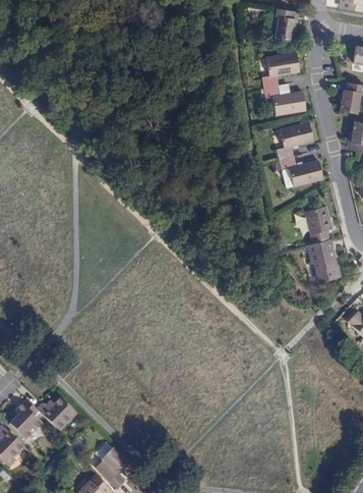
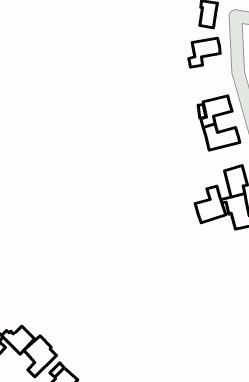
building: [264,86,307,115] -> none
building: none -> [195,186,226,223]
building: none -> [24,336,56,377]

